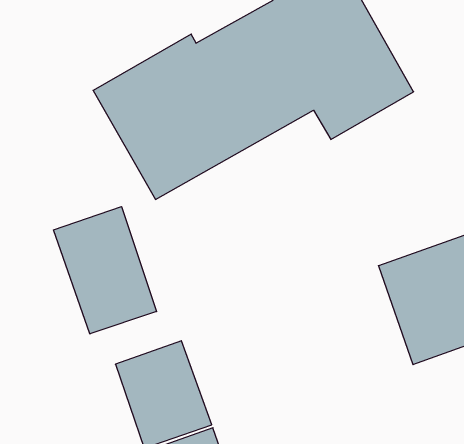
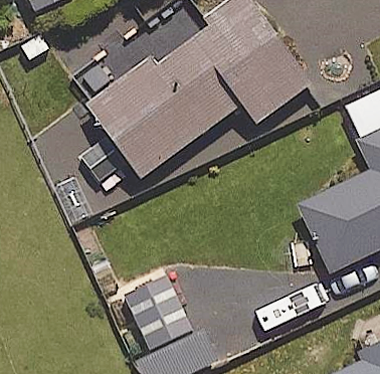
building: [54,207,157,334] -> none

